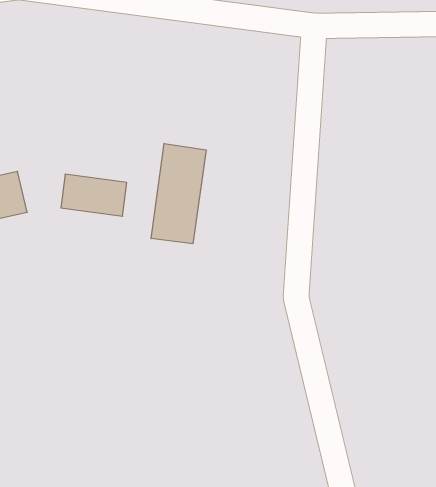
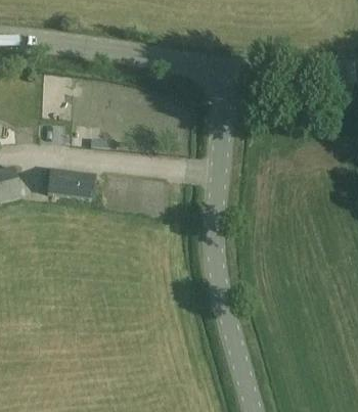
building: [151,143,206,244] -> none

